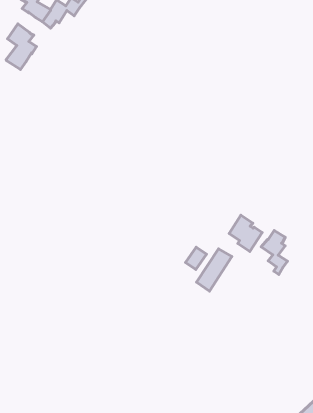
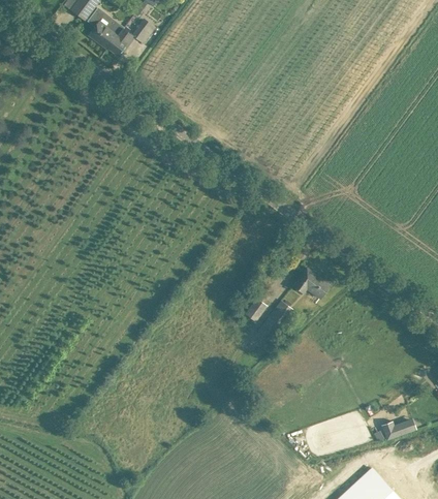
building: [6,24,36,69] -> none
building: [261,230,288,274] -> none

